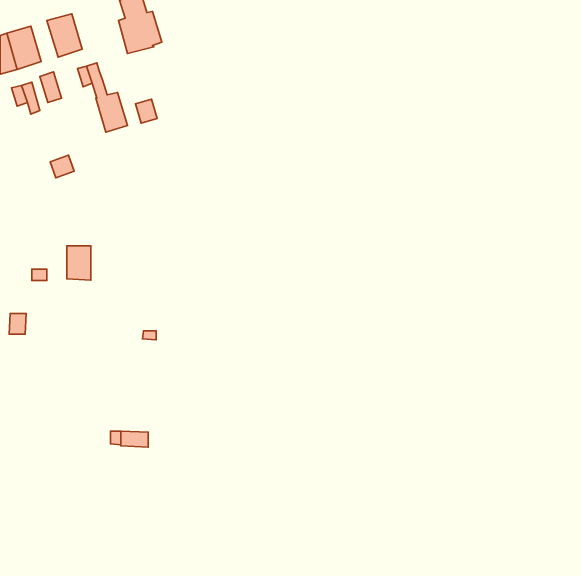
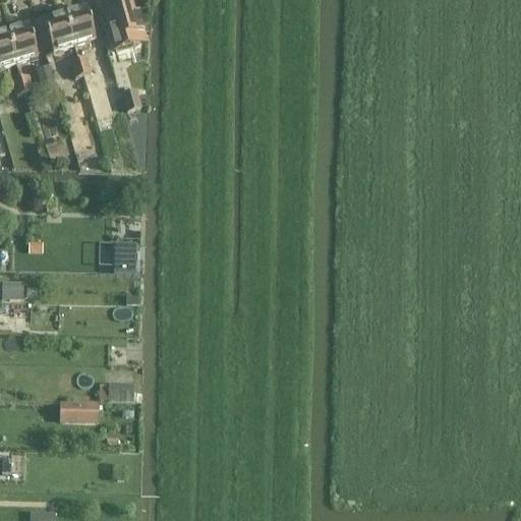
building: none -> [65,5,96,44]
building: [67,246,91,280] -> [114,242,135,273]
building: none -> [61,401,98,421]

